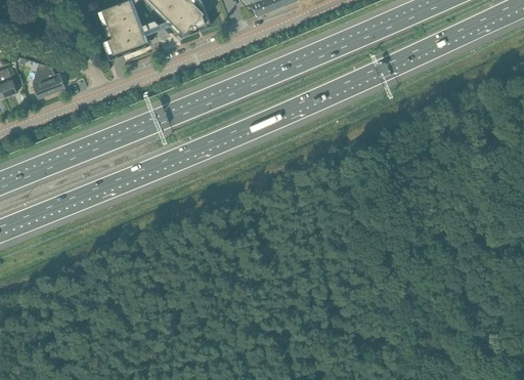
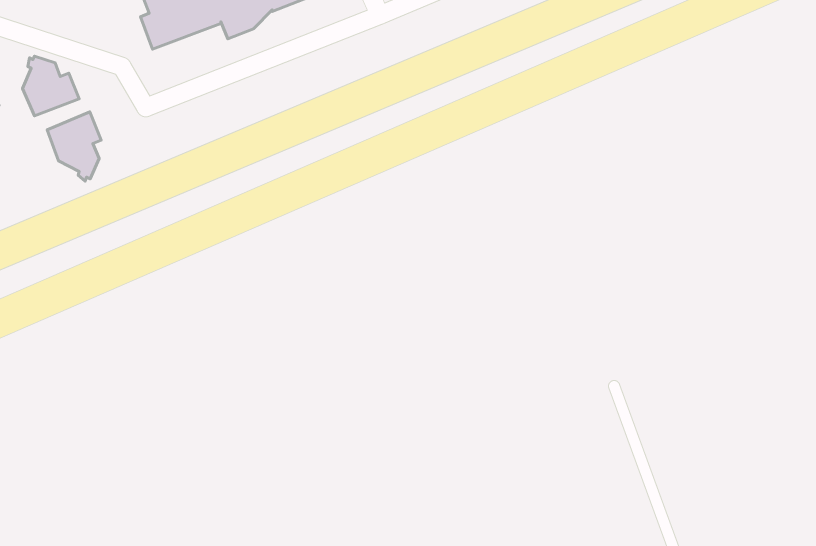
building: none -> [47,112,101,181]

